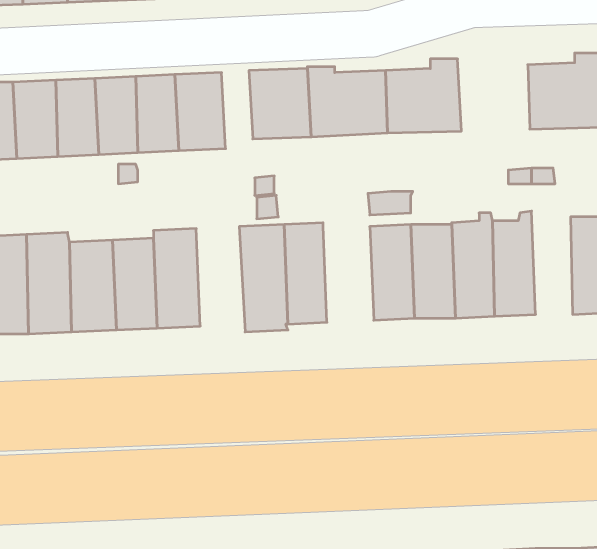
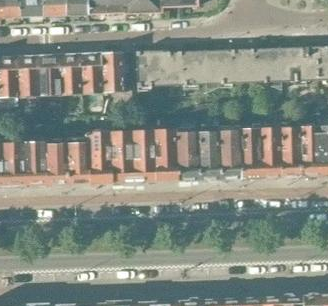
building: none -> [243,45,280,83]
building: none -> [281,124,302,177]
building: none -> [109,132,134,186]
building: none -> [174,132,200,181]

